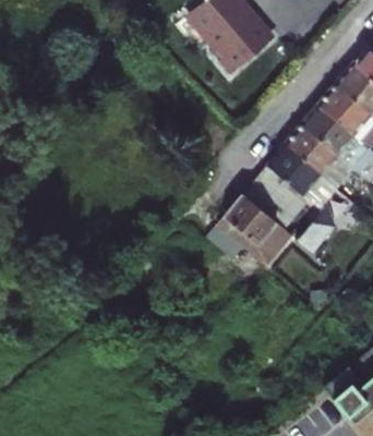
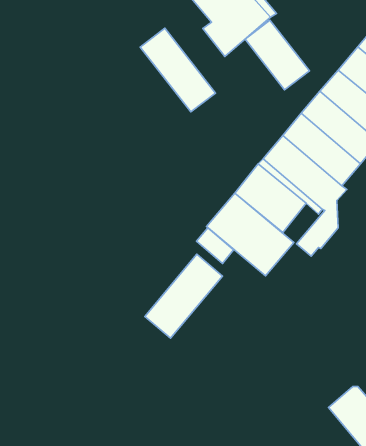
building: none -> [245,20,309,90]
building: none -> [140,28,215,112]
building: none -> [145,254,222,338]

